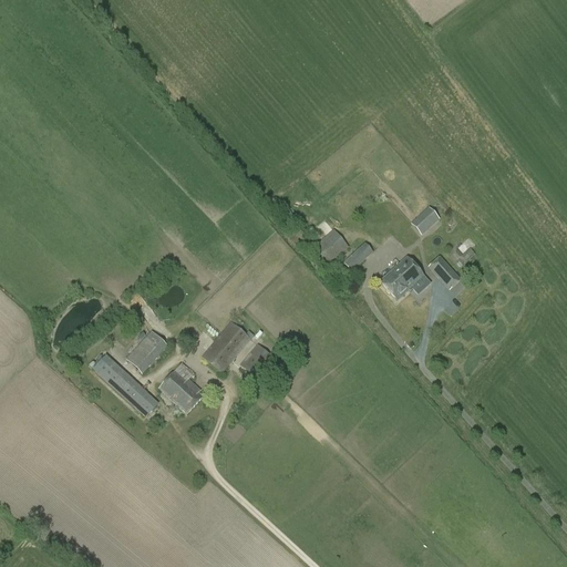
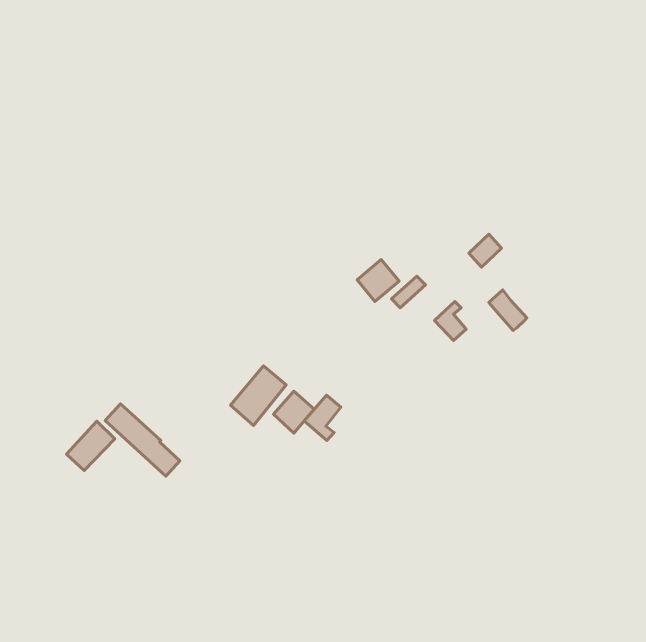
building: [398,256,424,288] -> none
building: [126,329,168,372] -> [67,421,115,471]
building: none -> [304,395,341,441]
building: [159,363,203,412] -> none

